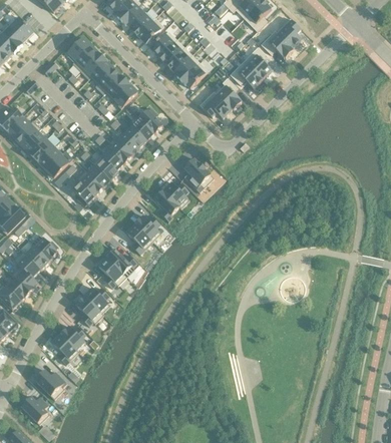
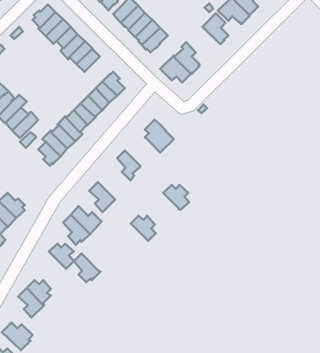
building: [230,60,262,87] -> none
building: [162,181,189,207] -> [163,185,189,210]
building: [134,214,160,241] -> [131,216,156,241]
building: [75,295,103,325] -> [74,253,101,282]

